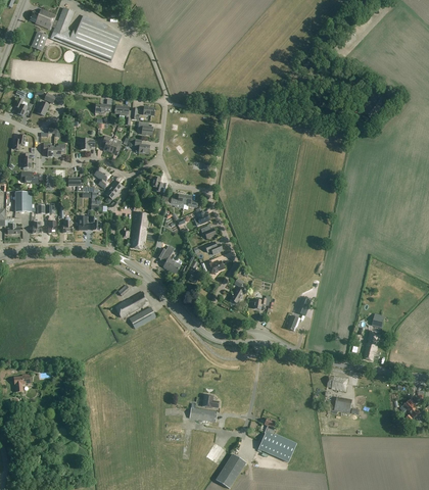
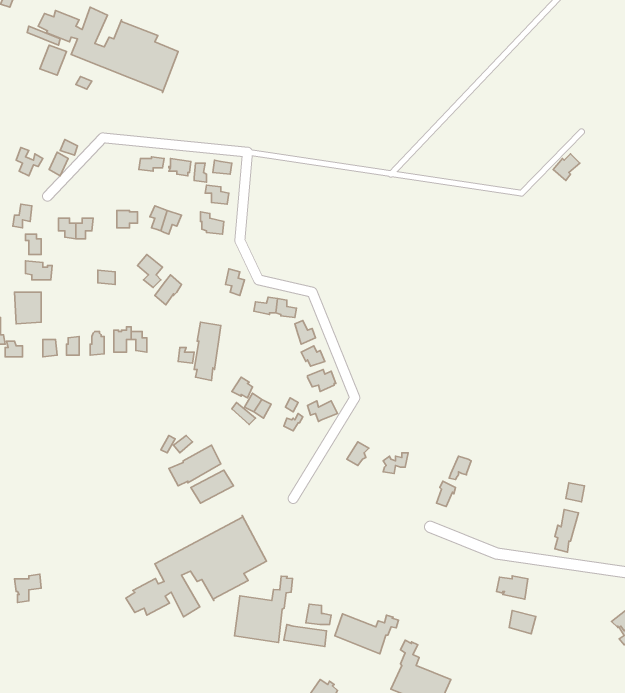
building: none -> [126,515,266,617]
building: none -> [235,576,293,643]
building: none -> [335,614,398,654]

